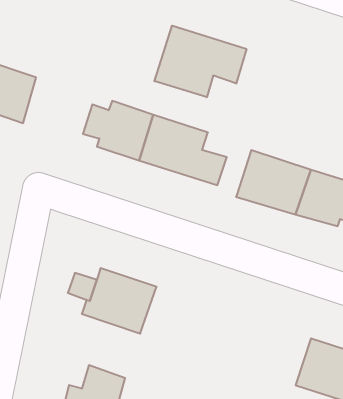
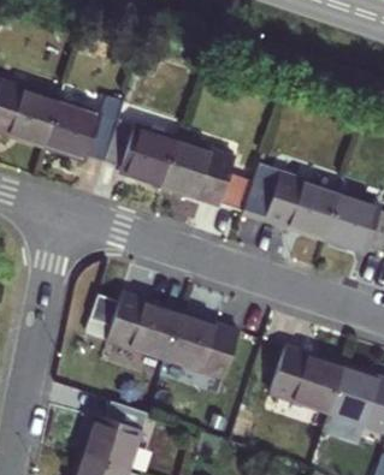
building: [154,26,246,97] -> none
building: none -> [45,100,116,160]
building: none -> [165,315,237,382]
building: none -> [265,349,341,416]

